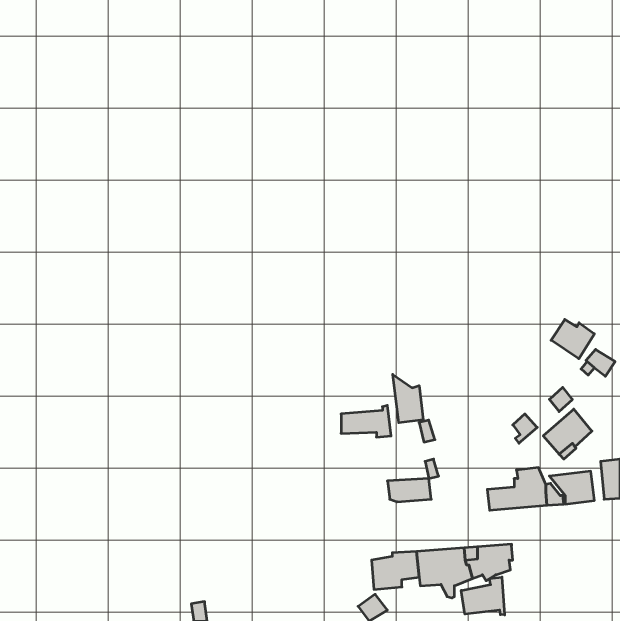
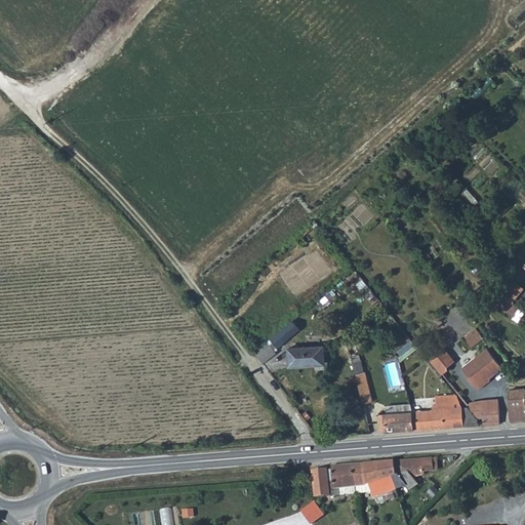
building: [551,319,594,359] -> none
building: [393,374,423,423] -> none
building: [387,479,431,502] -> [375,412,412,432]
building: [461,577,505,615] -> none

